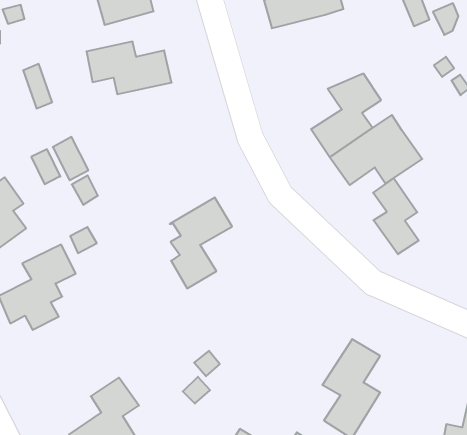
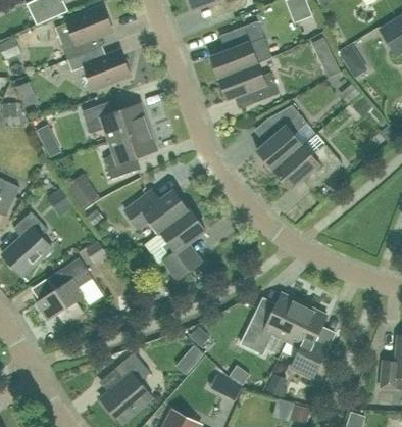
building: none -> [218,63,279,103]
building: none -> [103,127,156,179]
building: none -> [123,190,190,233]
building: [373,178,419,254] -> none
building: none -> [240,293,304,354]

